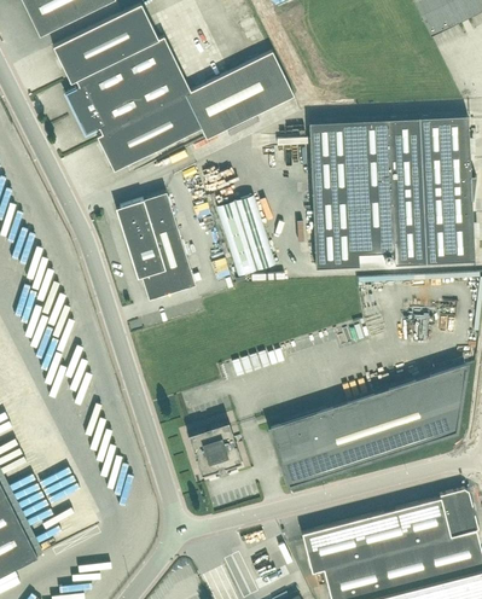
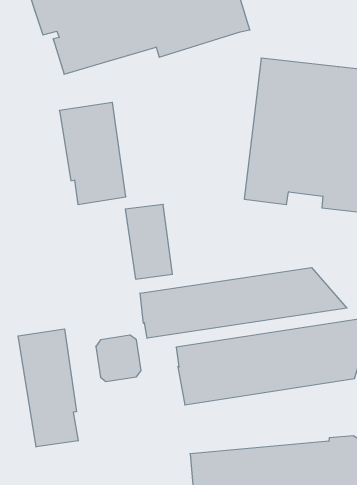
building: [215,197,273,277] -> [125,204,172,279]
building: none -> [140,268,347,338]
building: none -> [18,329,78,447]

